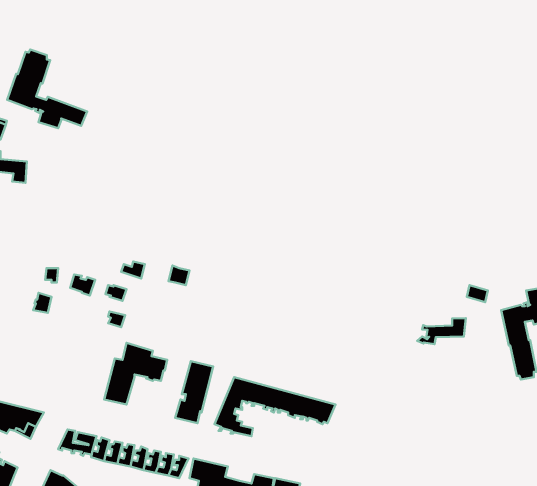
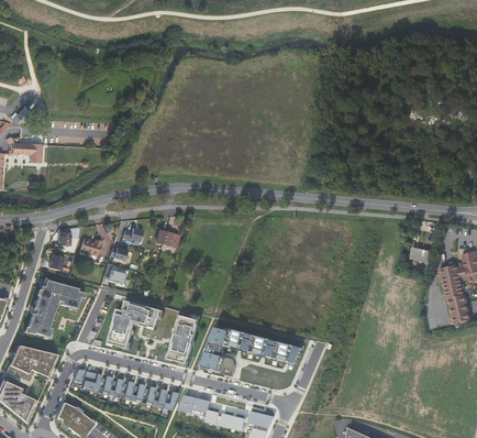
building: [7,50,87,128] -> none
building: [417,318,466,344] -> none
building: none -> [26,278,85,337]

